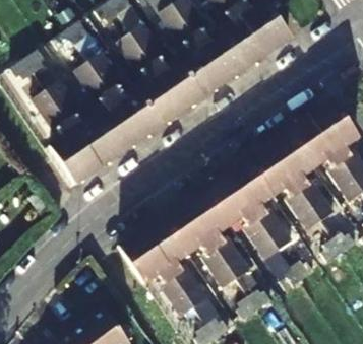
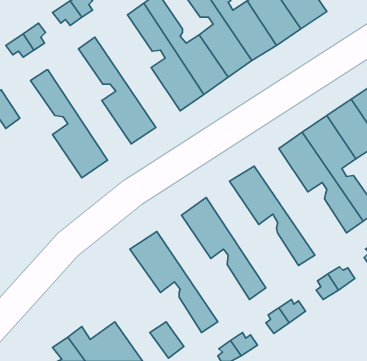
building: [89,53,164,140] -> none
building: [49,82,121,168] -> none
building: [228,158,294,251] -> none
building: [186,187,251,279] -> none
building: [143,216,209,308] -> none

